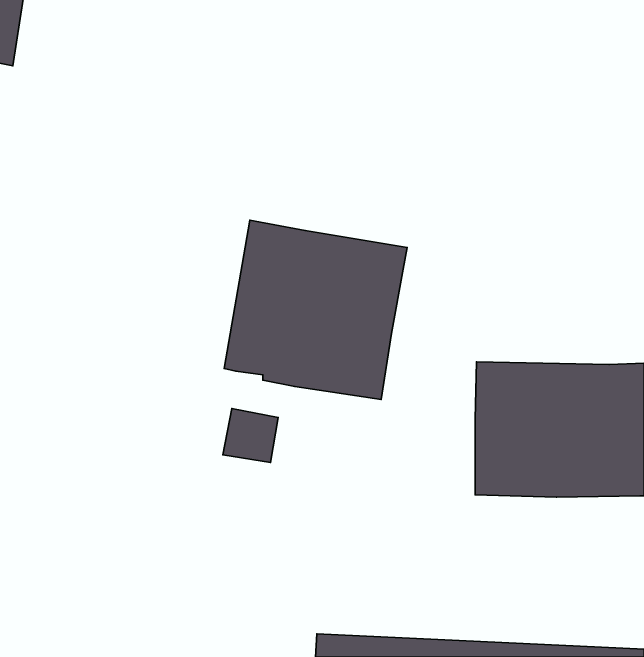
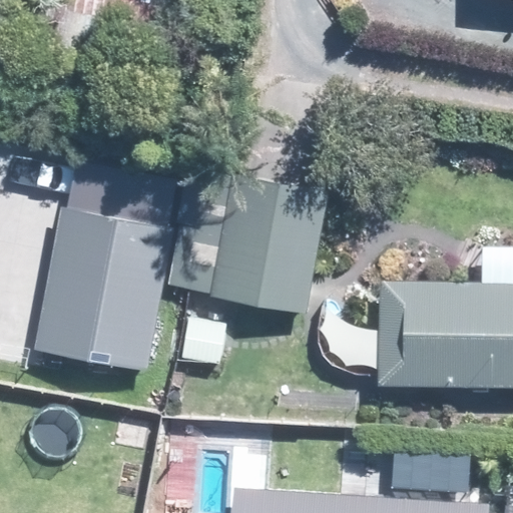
building: none -> [40,208,175,371]

